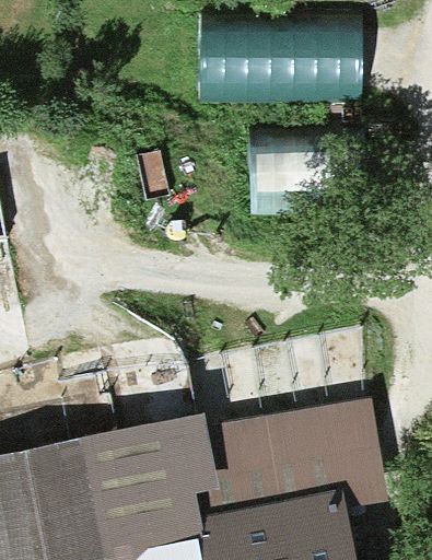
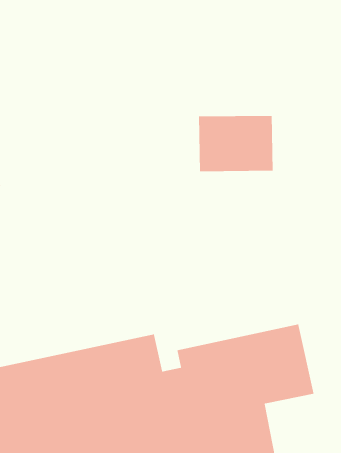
building: [199,28,347,104] -> none

